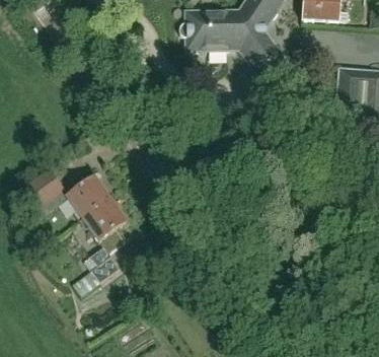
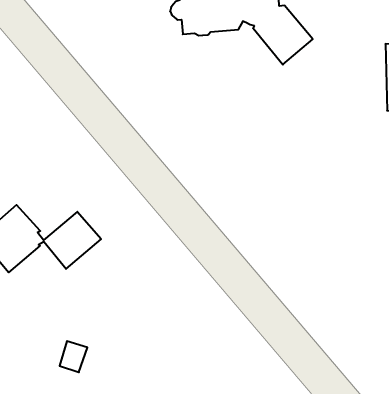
building: [83,197,127,269] -> none

